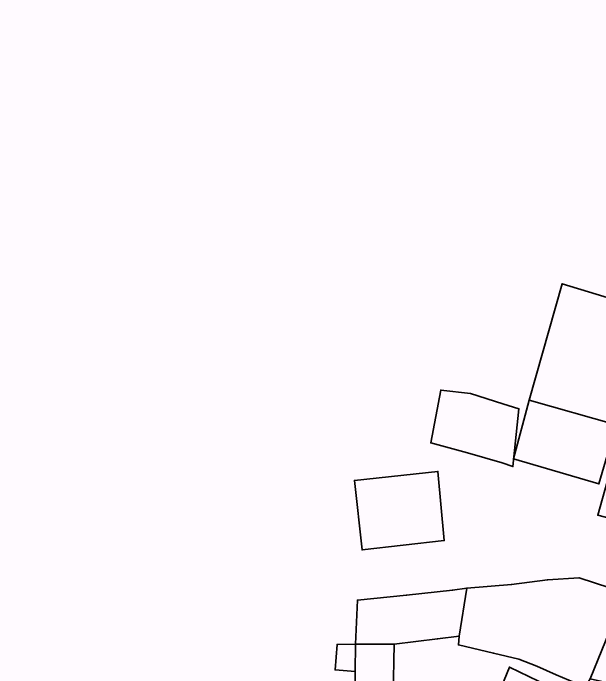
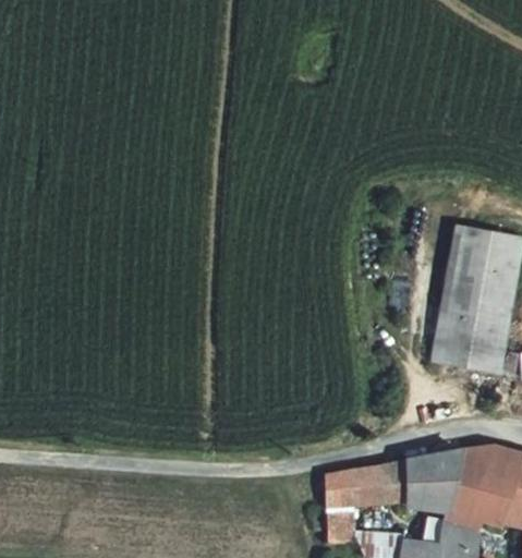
building: [431,390,519,466] -> none
building: [355,472,444,550] -> none

